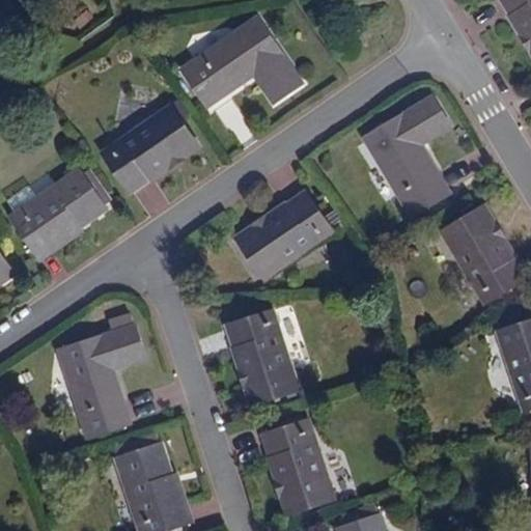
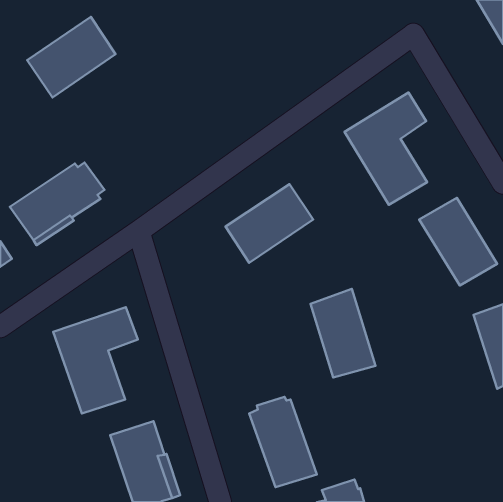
building: [181,18,302,109] -> none
building: [104,108,197,193] -> [27,17,116,98]
building: [228,309,297,402] -> [310,289,375,378]

